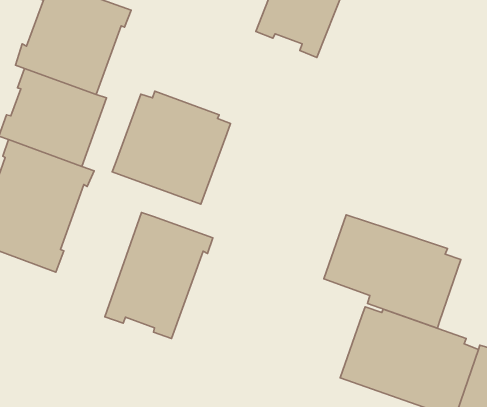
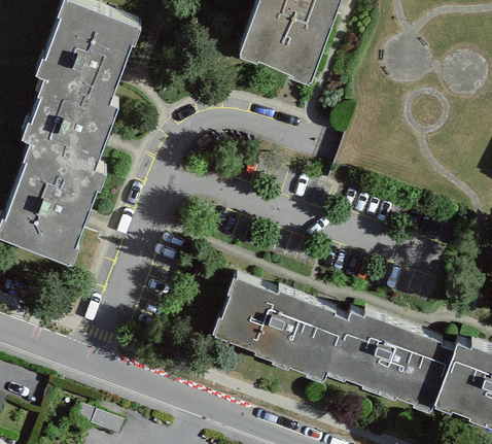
building: [112,91,230,204] -> none
building: [105,212,213,339] -> none
building: [324,215,461,328] -> [222,275,348,379]

